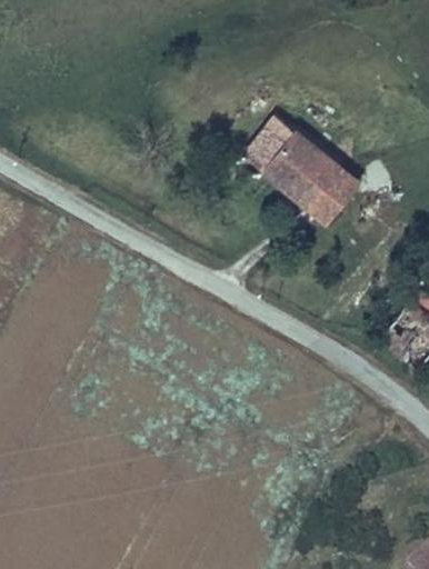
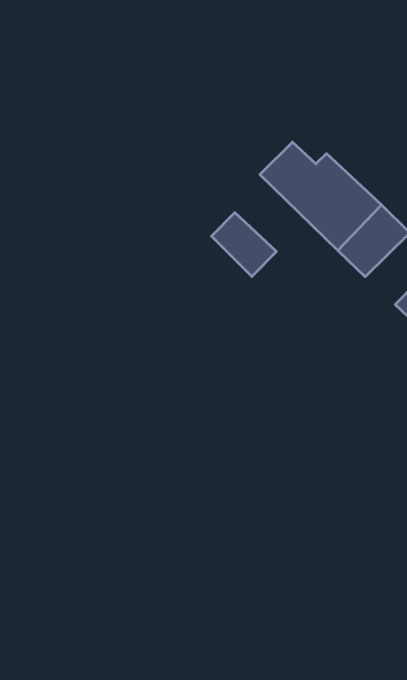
building: none -> [211,213,276,277]

